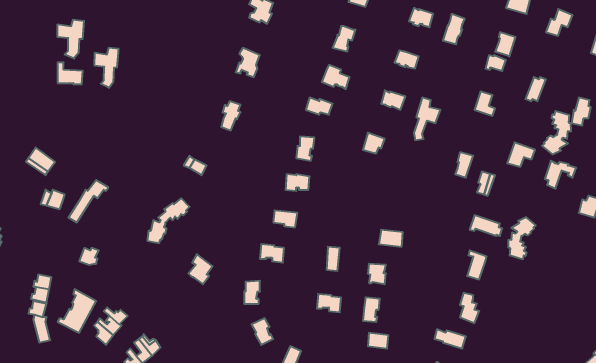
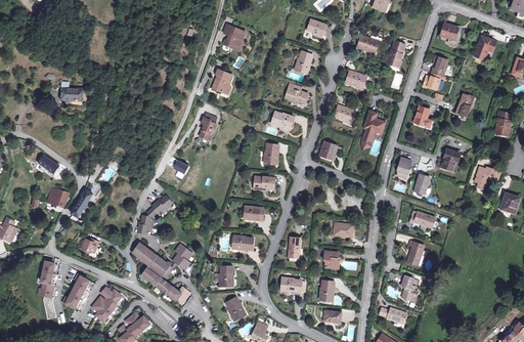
building: [57,20,84,59] -> none
building: [95,48,118,88] -> none
building: [542,111,571,154] -> none
building: [509,217,536,259] -> none
building: none -> [132,243,193,307]

